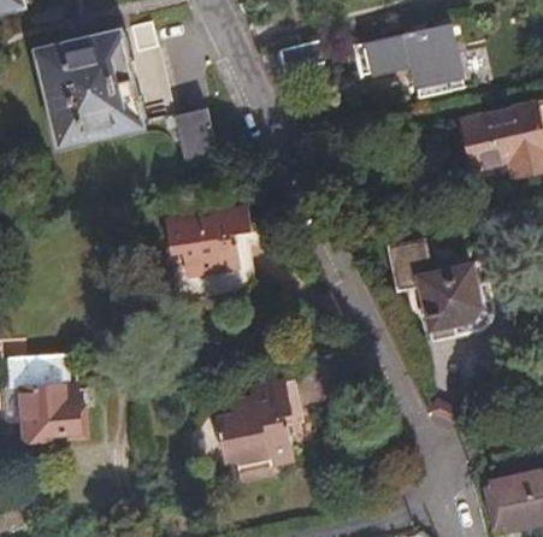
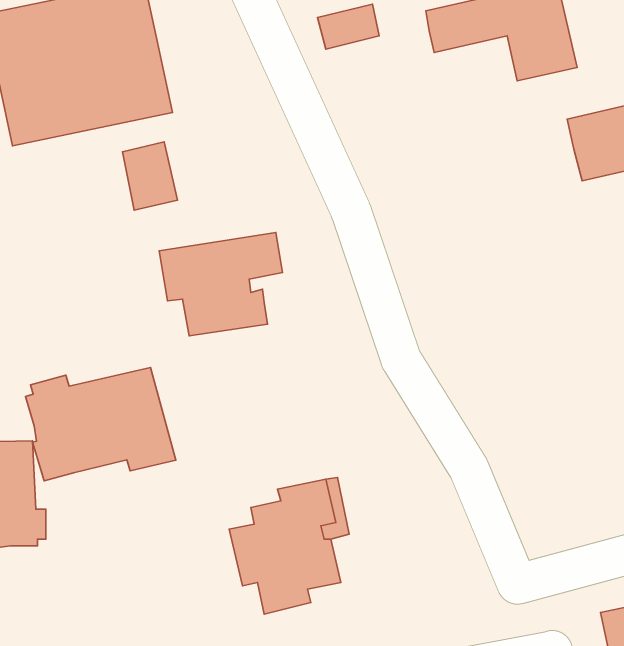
building: [172,112,212,161] -> [122,142,177,210]
building: [394,244,494,343] -> none
building: none -> [25,367,176,481]

